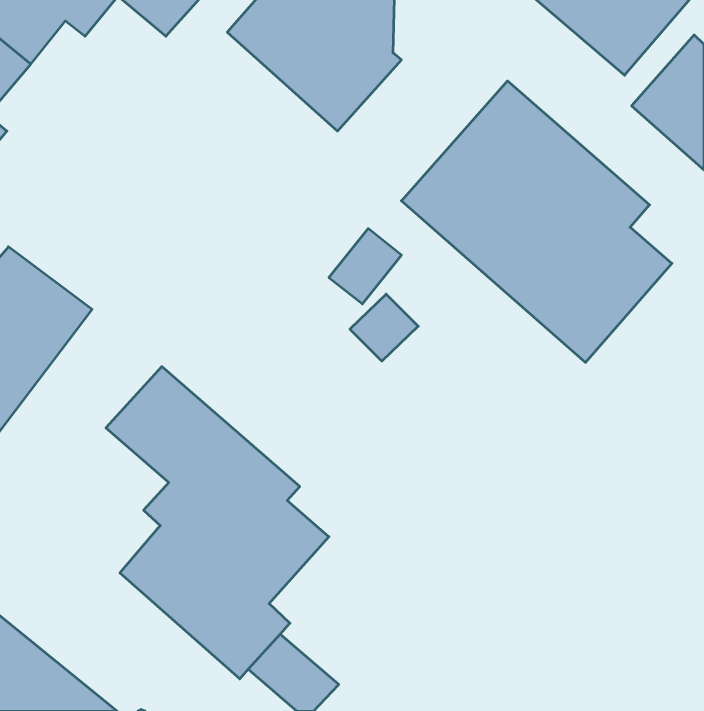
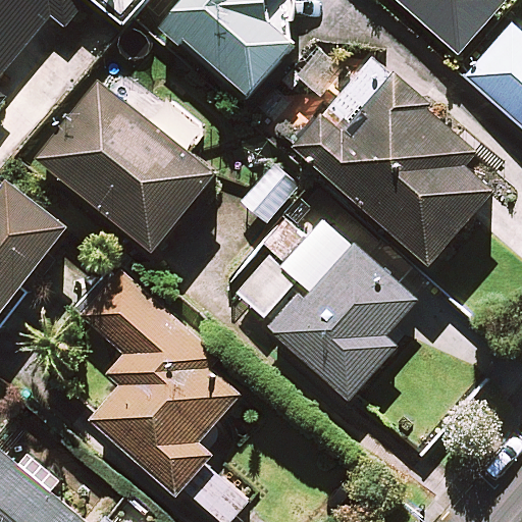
building: none -> [34,80,214,251]
building: none -> [263,238,411,401]

